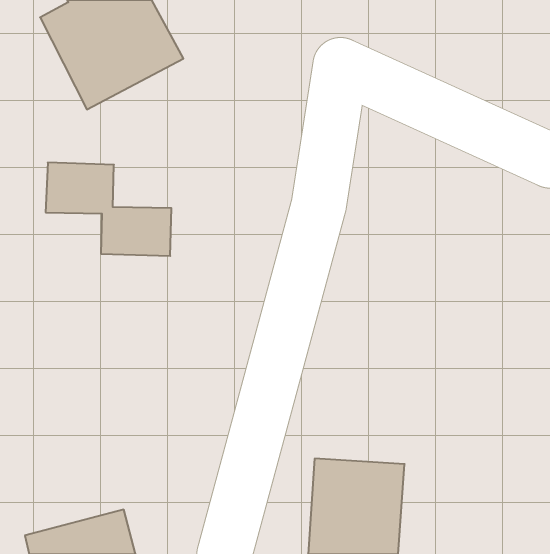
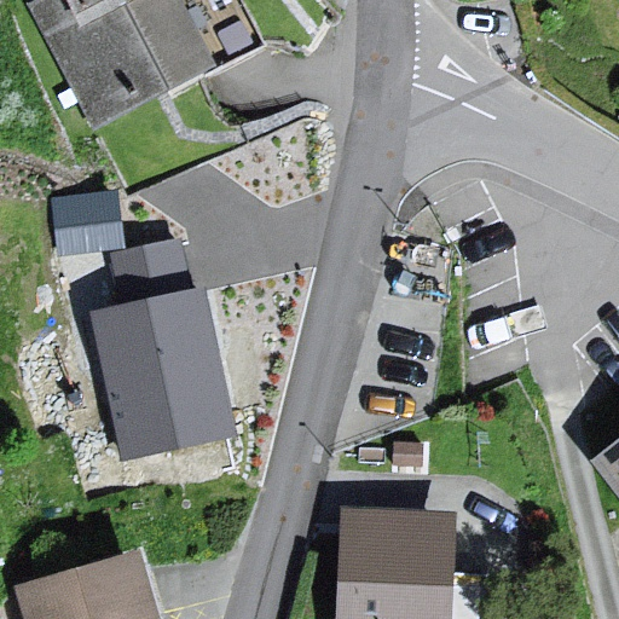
building: none -> [98,302,226,456]

